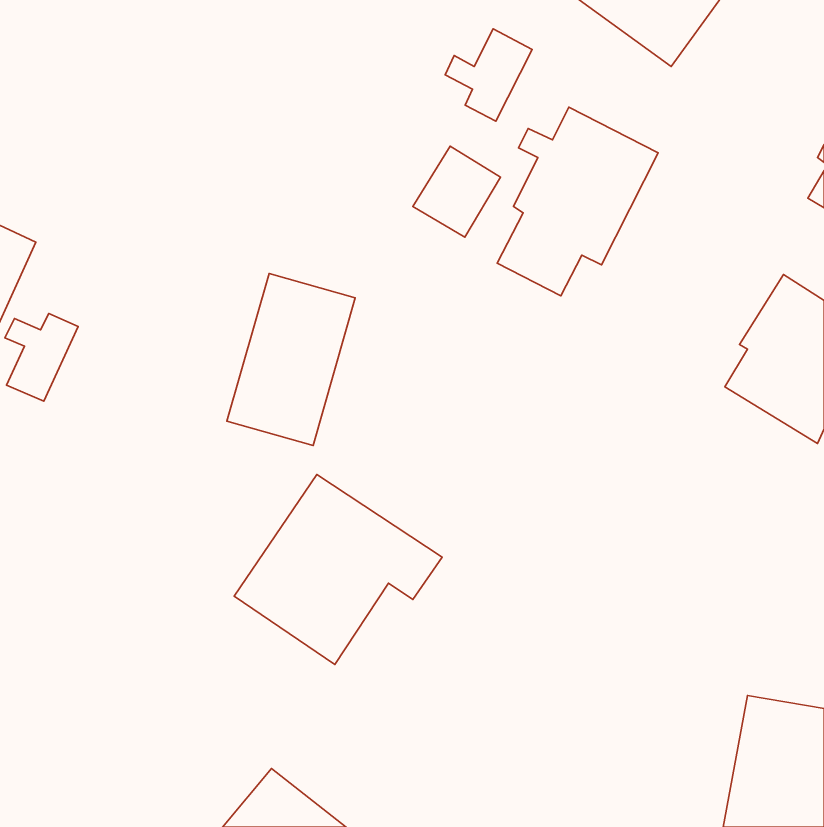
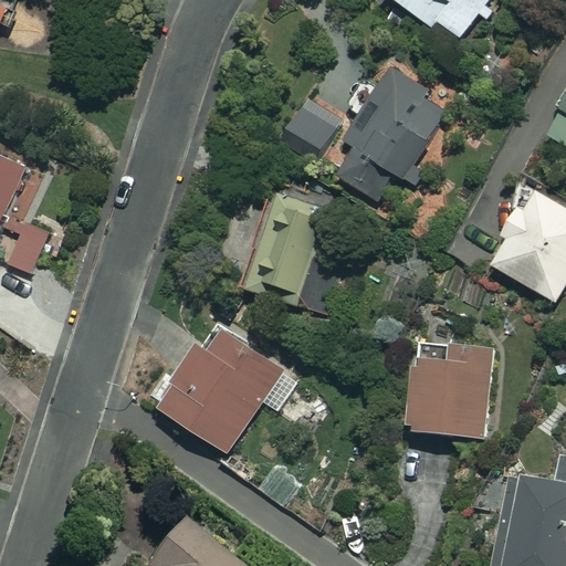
building: [445,29,532,121] -> none
building: [227,273,355,446] -> [242,188,329,305]
building: none -> [409,342,491,437]

